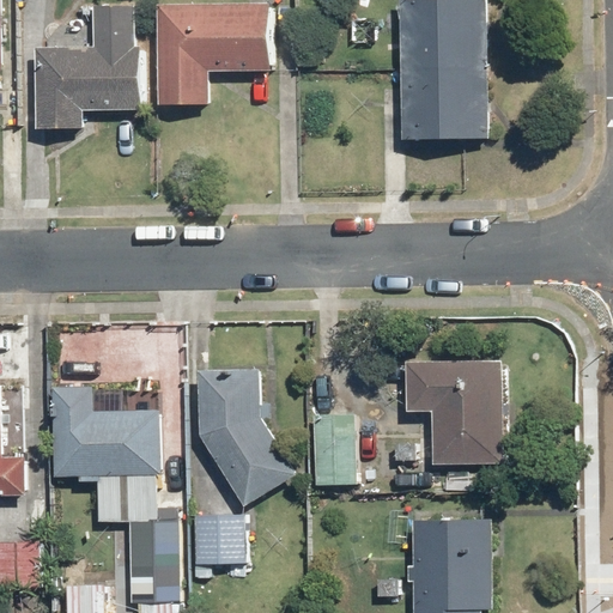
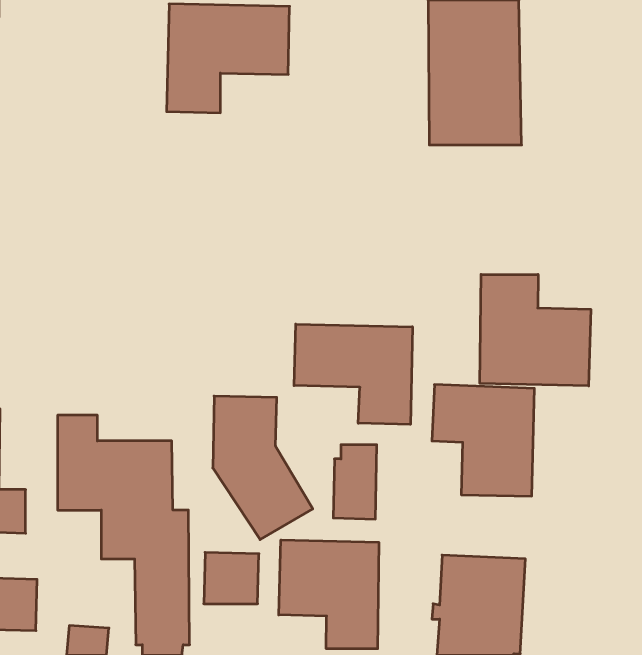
building: [34,8,141,128] -> none
building: none -> [480,274,591,386]
building: none -> [294,324,412,424]
building: none -> [279,540,379,649]

